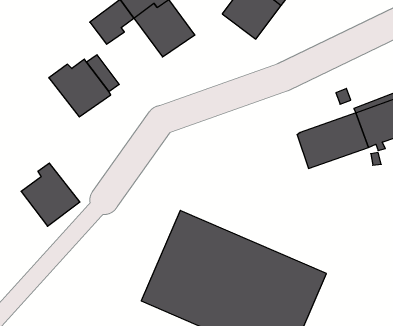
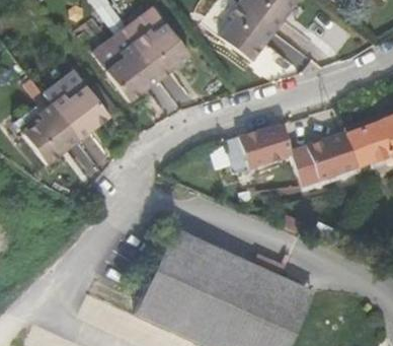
building: none -> [106,43,160,101]
building: none -> [240,124,293,169]
building: [21,163,80,226] -> [23,100,80,161]

